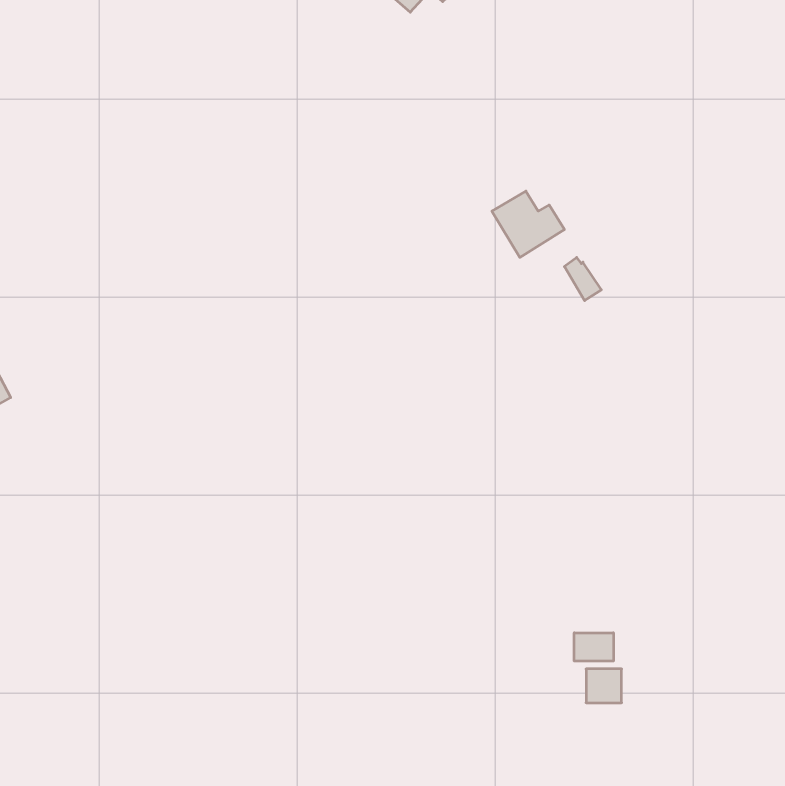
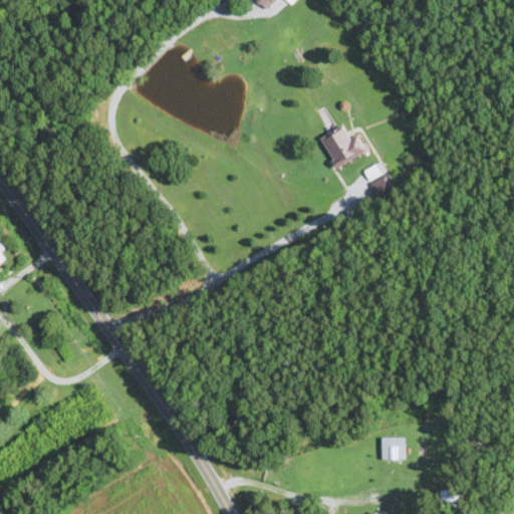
building: [574,633,613,661] -> none

